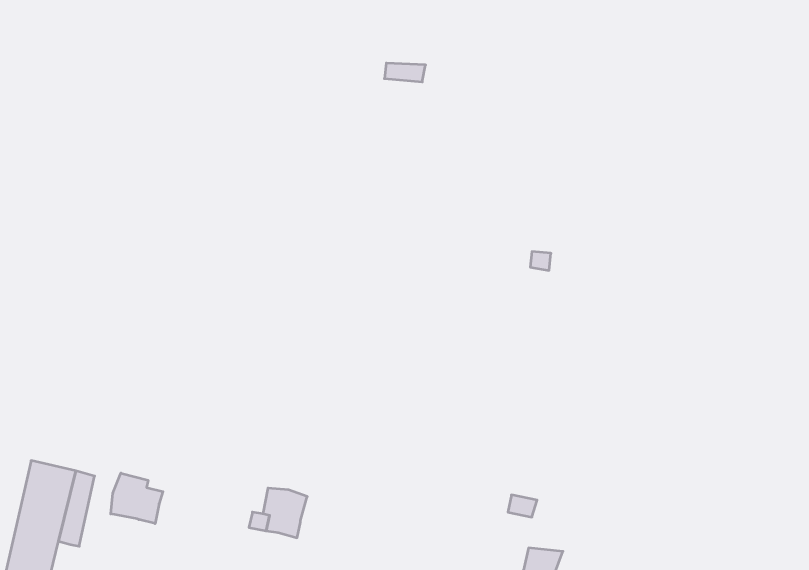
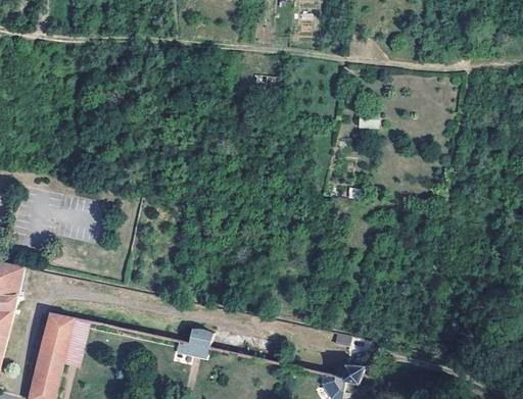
building: [111,473,163,524] -> none

